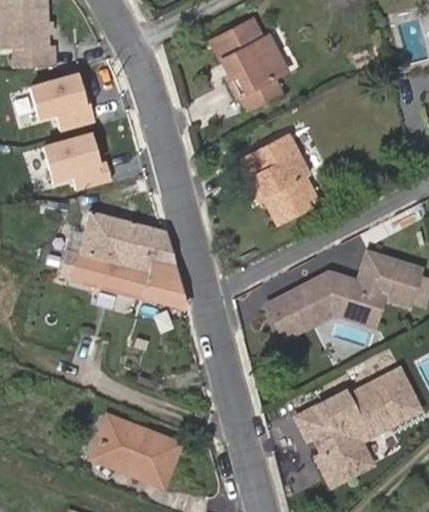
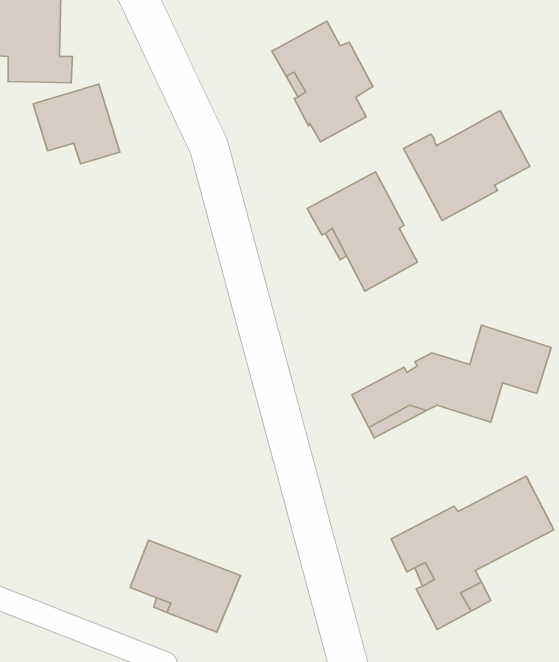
building: none -> [403,110,530,221]
building: [41,130,107,191] -> none
building: [66,209,187,310] -> none

